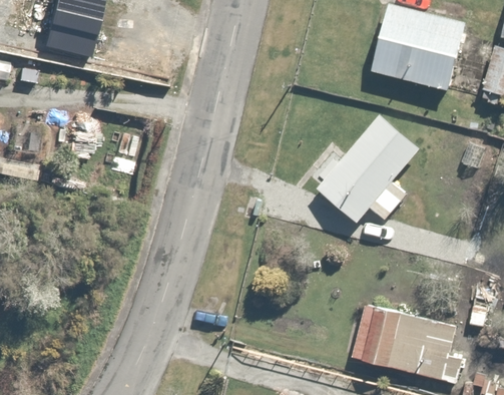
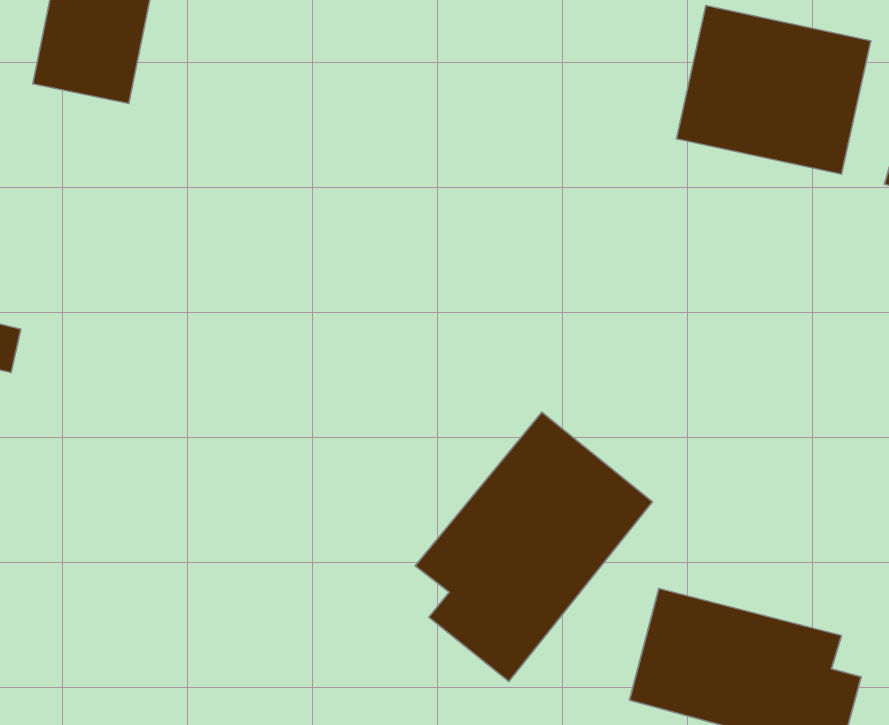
building: [319,113,424,224] -> none
building: none -> [415,412,652,681]

